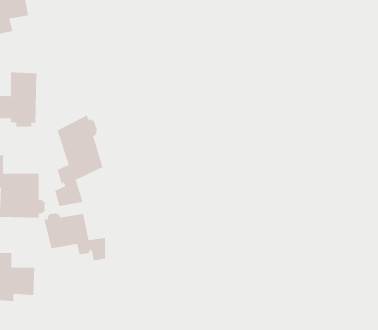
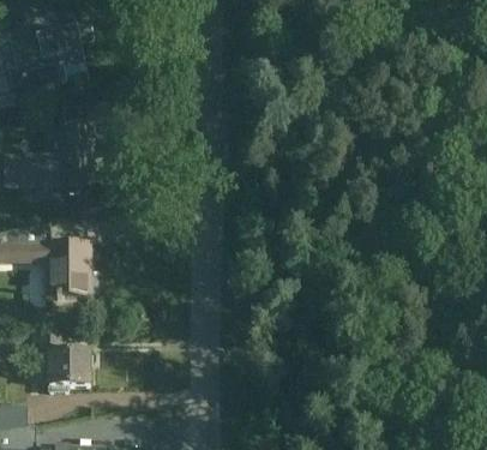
building: [54,114,103,207] -> none
building: [44,212,105,261] -> none

